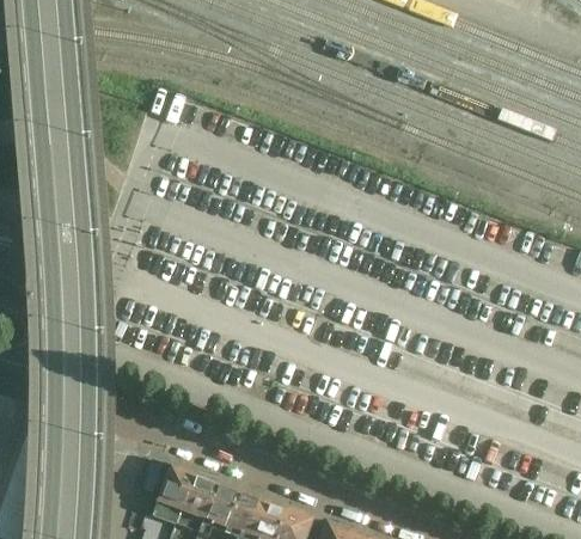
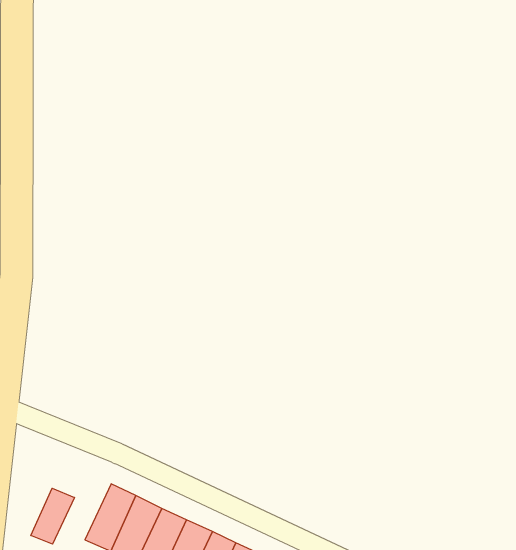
building: none -> [31,488,74,544]

